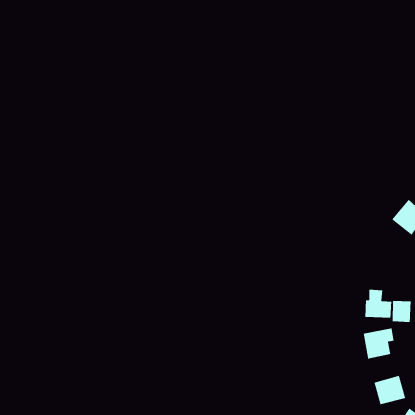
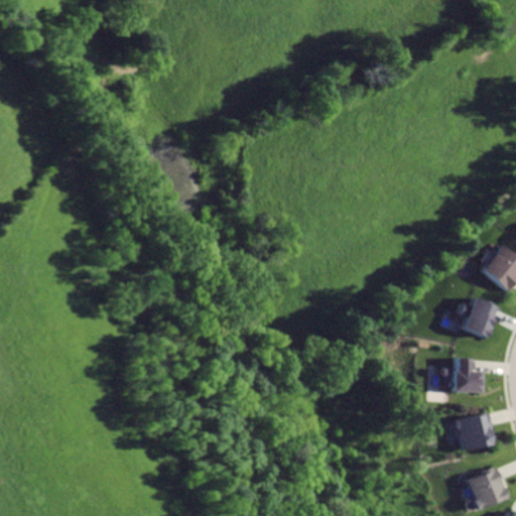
building: none -> [463,300,499,341]
building: [392,300,411,323] -> none

